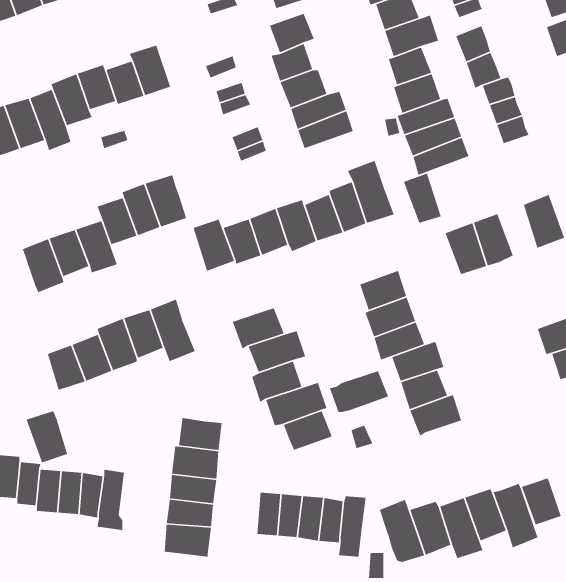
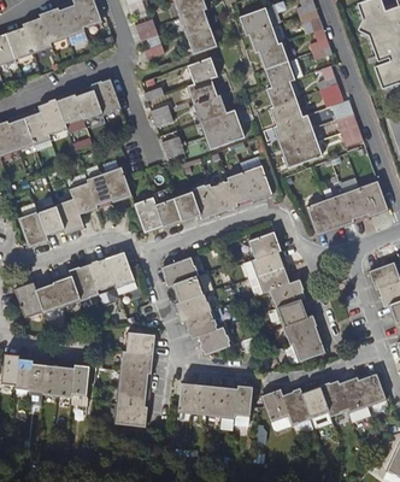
building: [403,172,442,224] -> [342,187,369,222]
building: [329,370,389,413] -> [284,334,325,363]
building: [25,410,68,463] -> [14,282,43,318]

